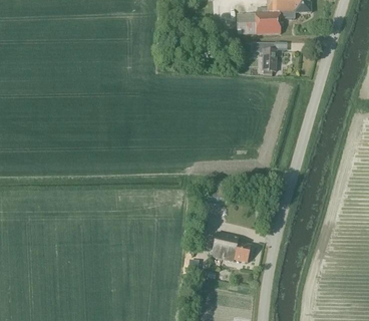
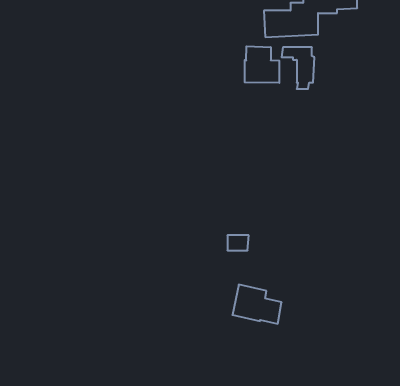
building: none -> [245,46,279,83]

